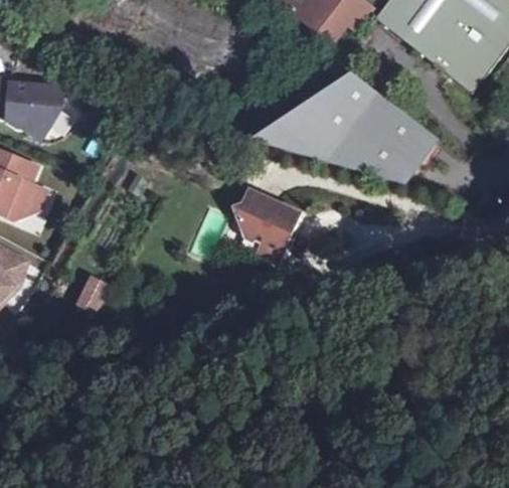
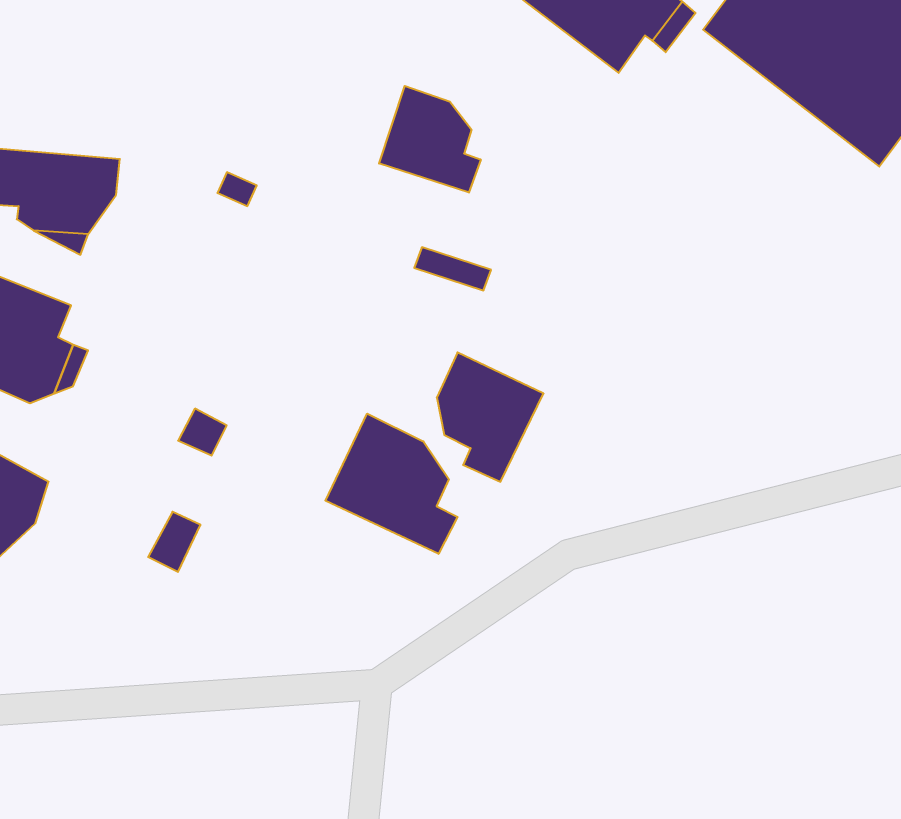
building: none -> [379,86,481,193]
building: [256,74,437,182] -> none
building: none -> [325,414,458,554]

